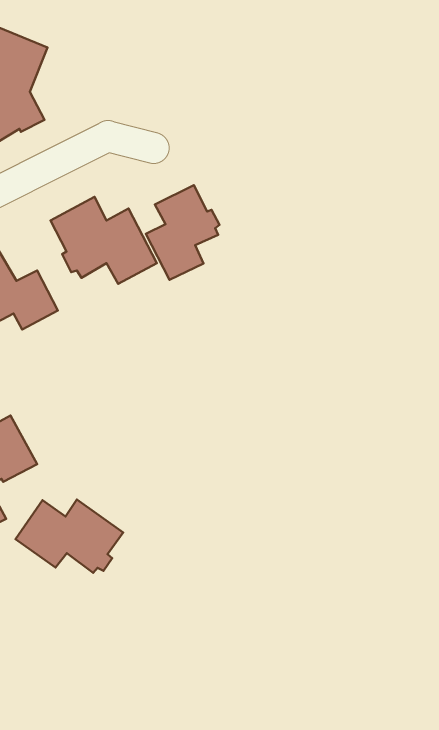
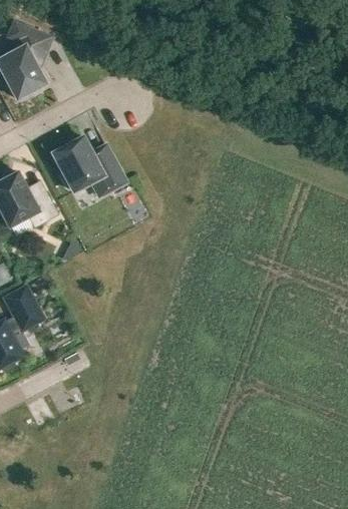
building: [146,185,219,280] -> none
building: [16,500,123,573] -> none

